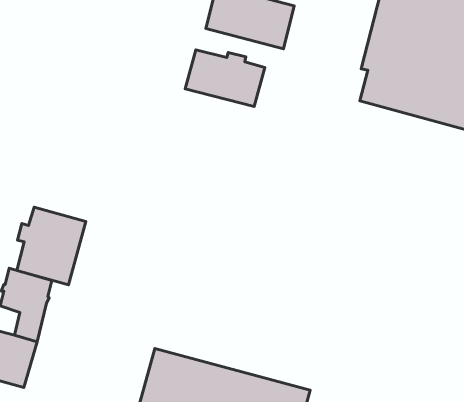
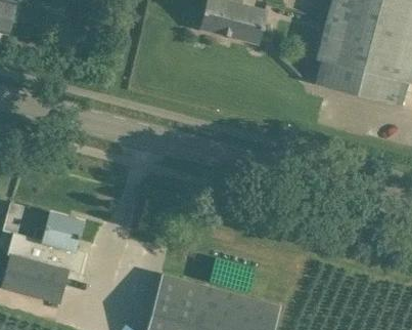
building: [185,50,265,107] -> none
building: [17,207,86,285] -> none

